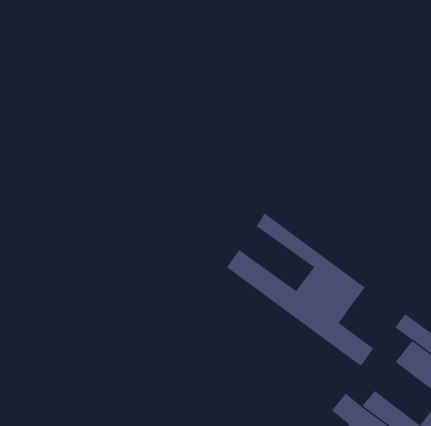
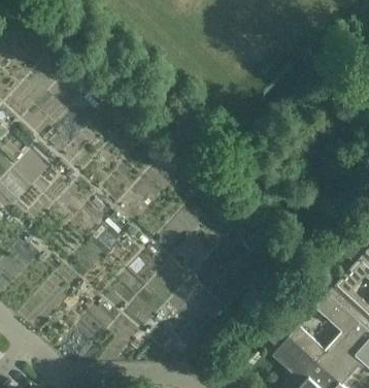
building: [226,213,374,366] -> none

